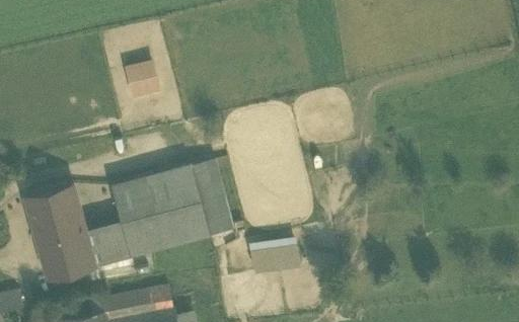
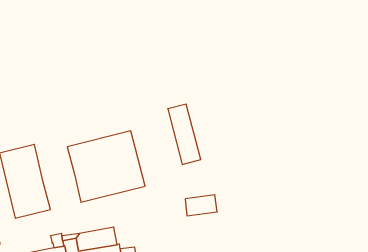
building: [122,58,159,98] -> none
building: [191,160,232,236] -> [168,104,201,164]
building: [80,221,128,266] -> none

